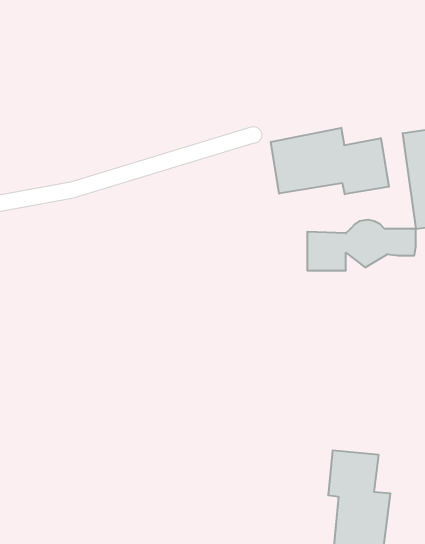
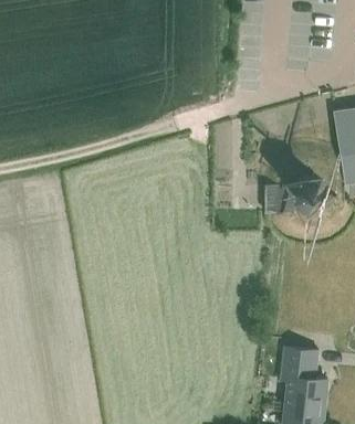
building: [271,128,389,194] -> none

